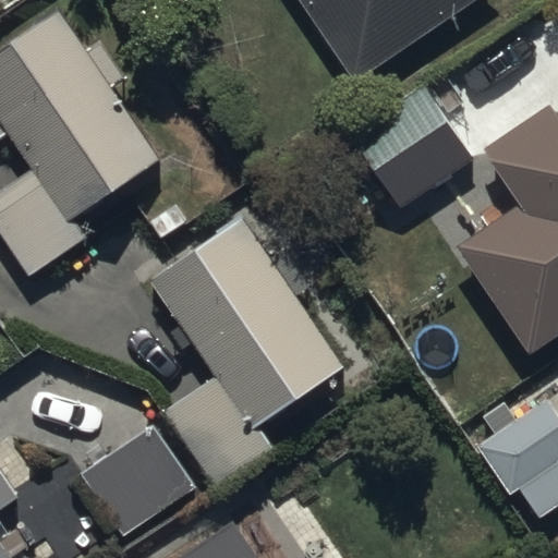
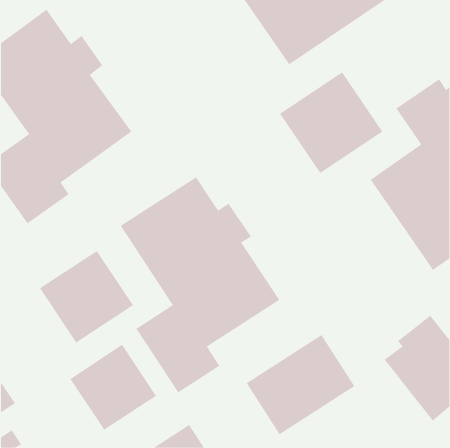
building: none -> [39,250,134,343]
building: none -> [246,334,355,435]

